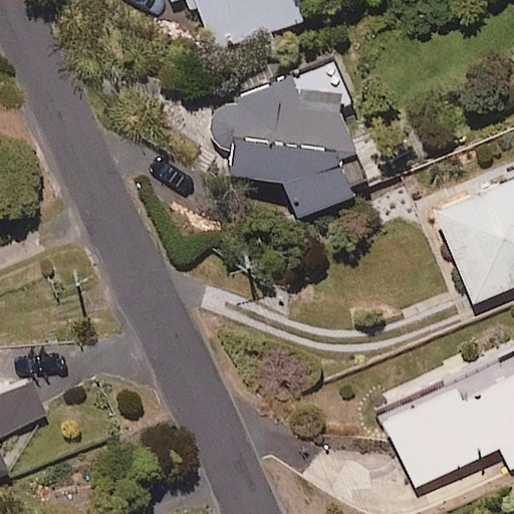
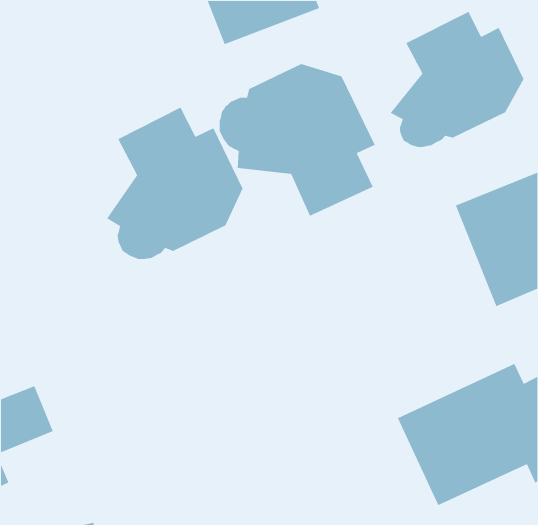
building: none -> [390,11,525,148]
building: none -> [106,107,244,260]

